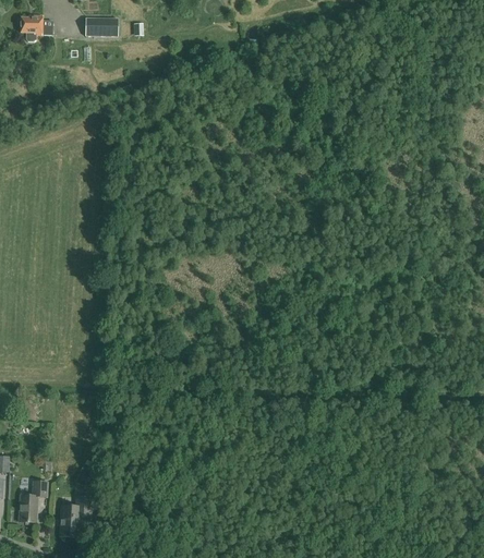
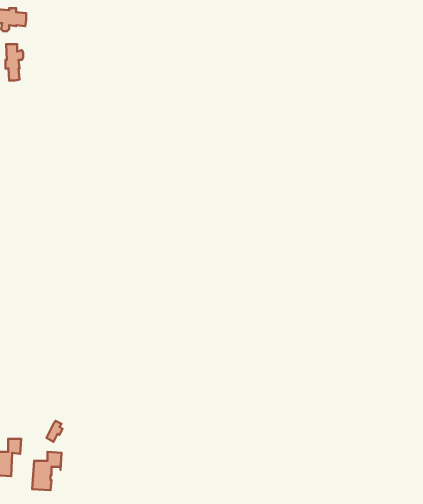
building: [84,17,118,36] -> none
building: none -> [5,44,23,81]

